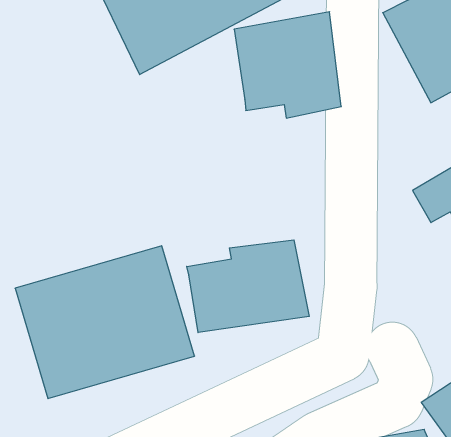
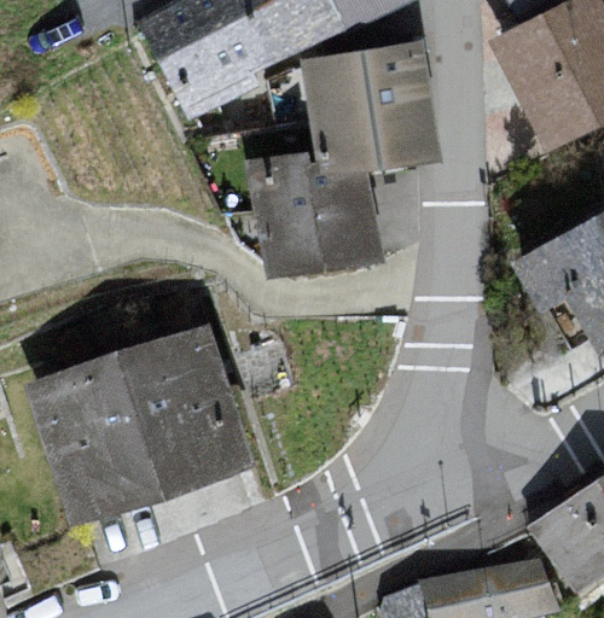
building: none -> [248,147,387,278]
building: [187,240,309,333] -> none

